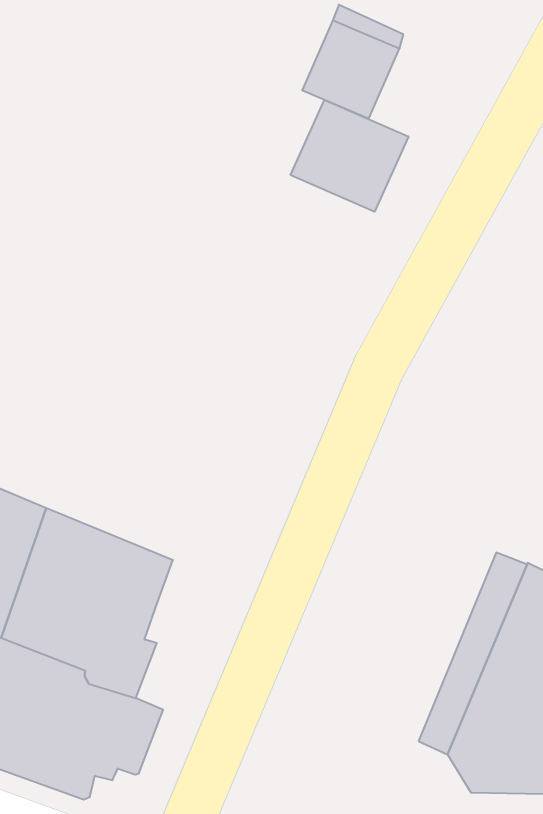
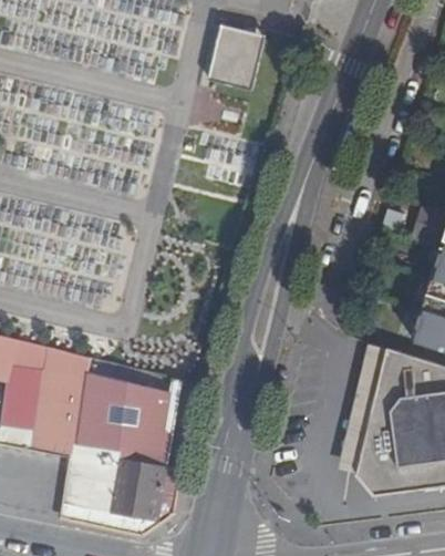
building: [291,100,408,212] -> none

